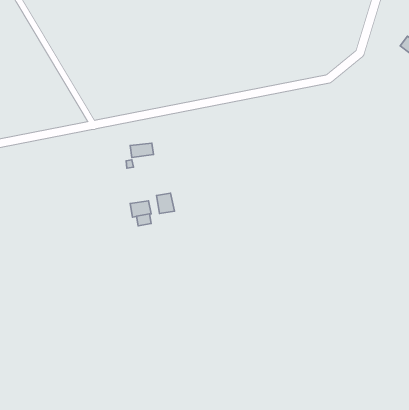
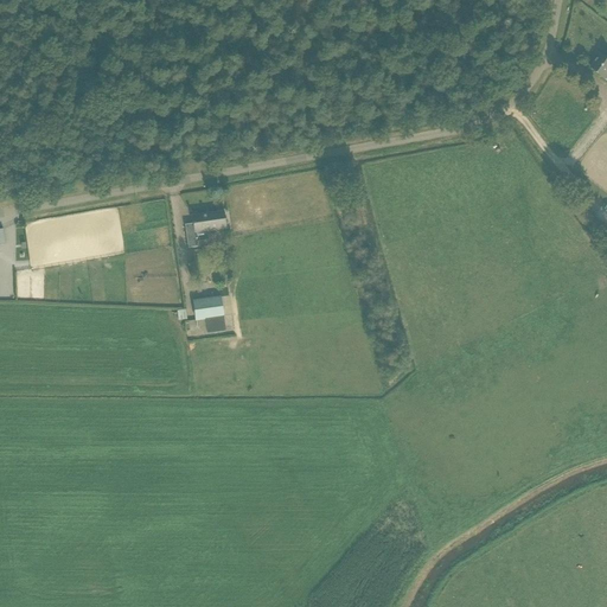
building: [156,193,175,214] -> none

